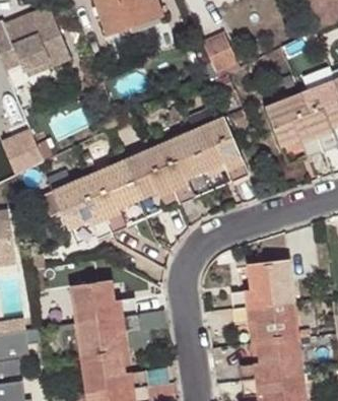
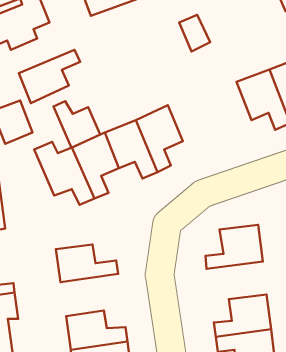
building: none -> [19,50,80,103]
building: [186,108,247,181] -> none
building: none -> [53,101,100,148]
building: [232,299,297,340] -> none
building: [75,313,139,358] -> none

